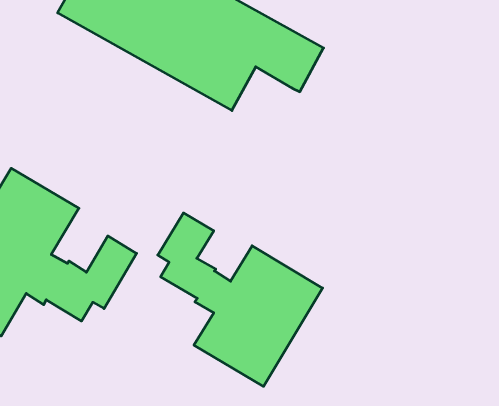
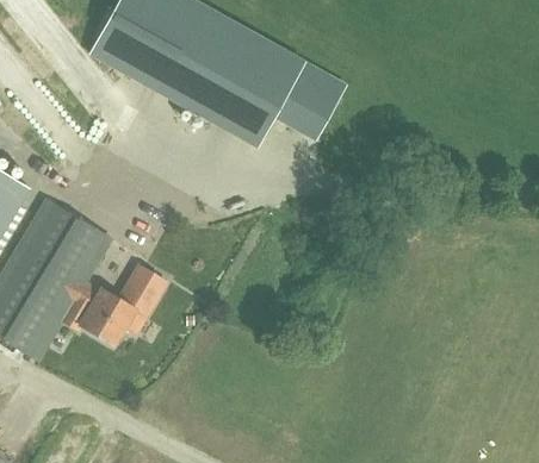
building: [158,213,323,386] -> none

